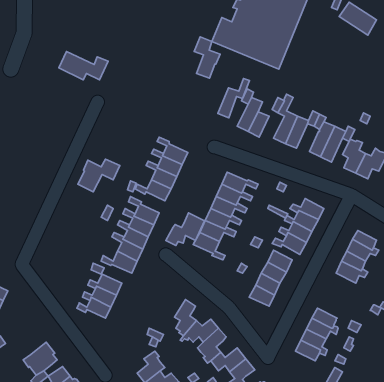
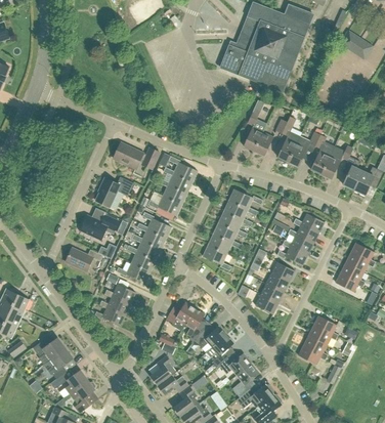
building: [194,37,220,78] -> none
building: [59,51,108,80] -> [113,141,159,168]
building: [218,78,249,118] -> none
building: none -> [79,214,118,239]
building: [166,213,205,245] -> none
building: none -> [65,247,102,270]
building: none -> [166,300,195,327]
building: none -> [32,336,65,363]

